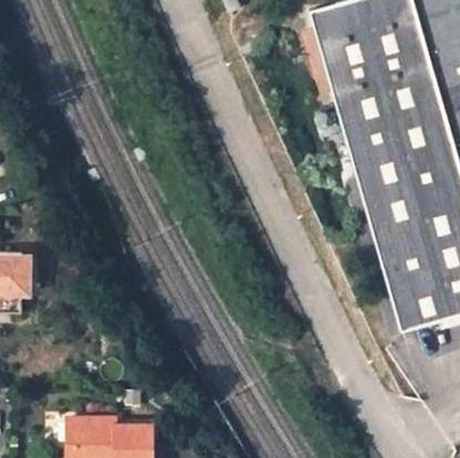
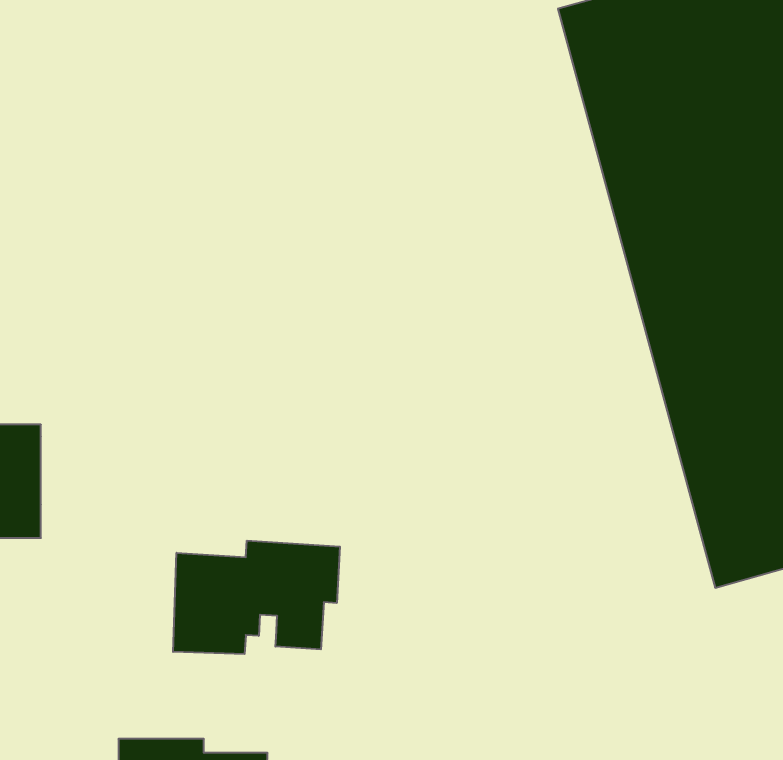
building: none -> [173,541,340,654]

